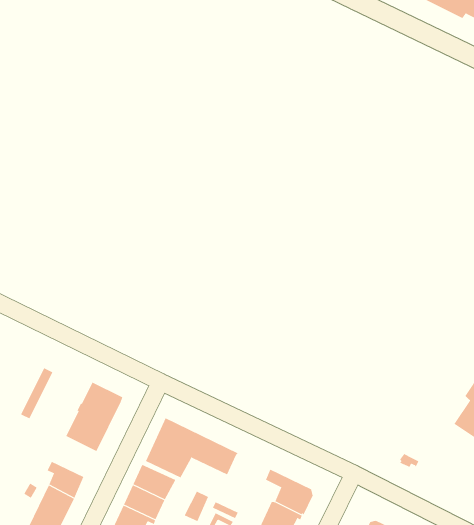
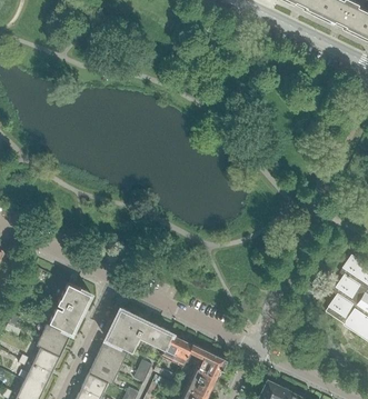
building: none -> [39,323,70,350]
building: none -> [162,335,191,365]

